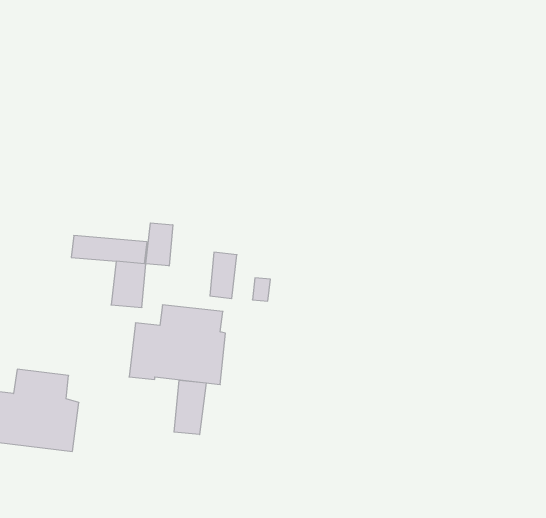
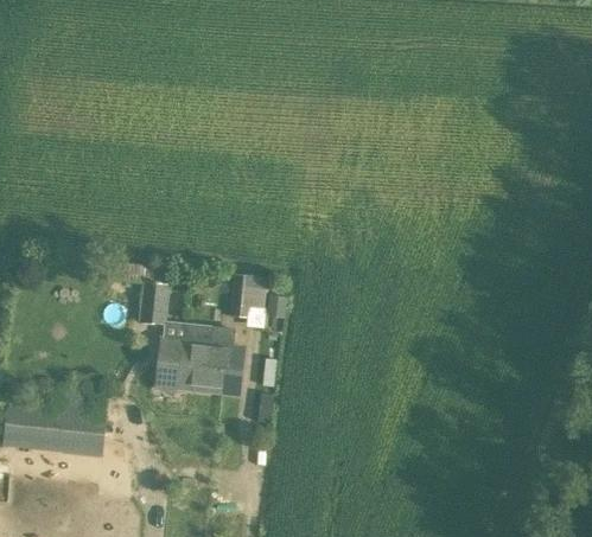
building: [146,223,173,266] -> none
building: [174,380,206,435] -> none

